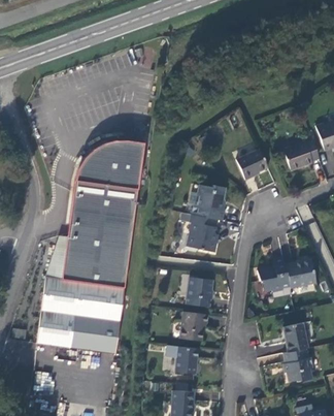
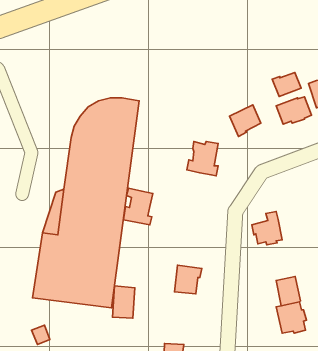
building: none -> [272,73,301,97]
building: [188,214,218,251] -> [123,188,153,225]
building: [286,258,316,287] -> none
building: [188,277,212,306] -> none
building: [170,345,193,378] -> [113,286,135,318]

